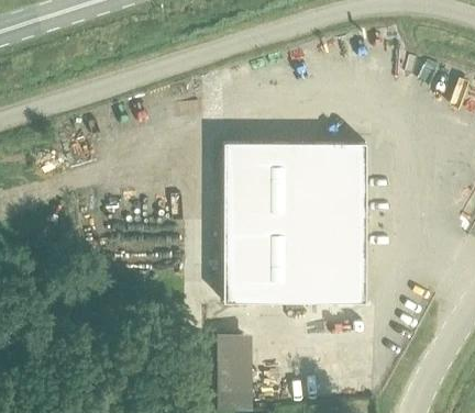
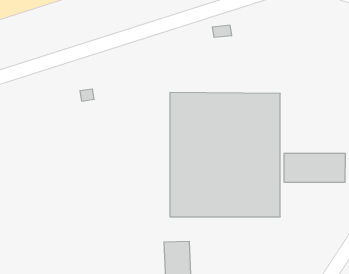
building: none -> [284,153,345,182]

